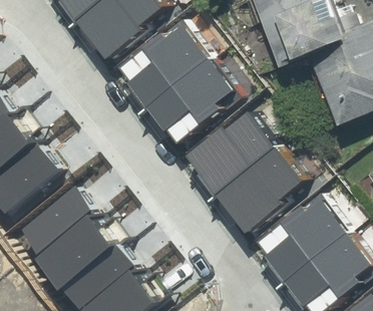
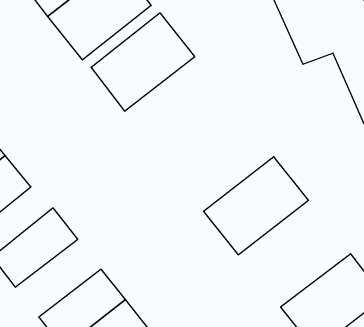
building: [139,55,233,143] -> none
building: [180,106,274,195] -> none
building: [250,194,343,281] -> none
building: [41,220,118,290] -> none

